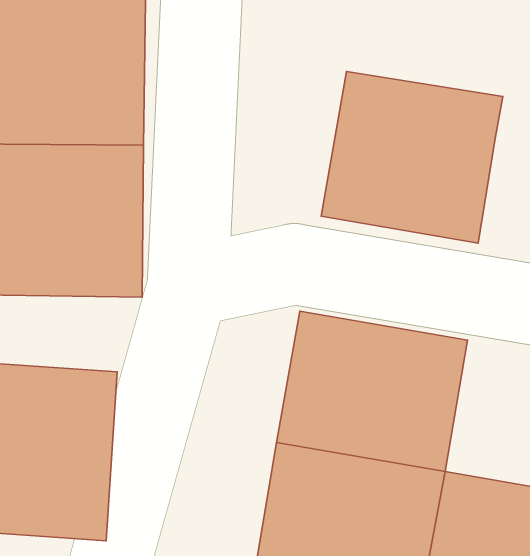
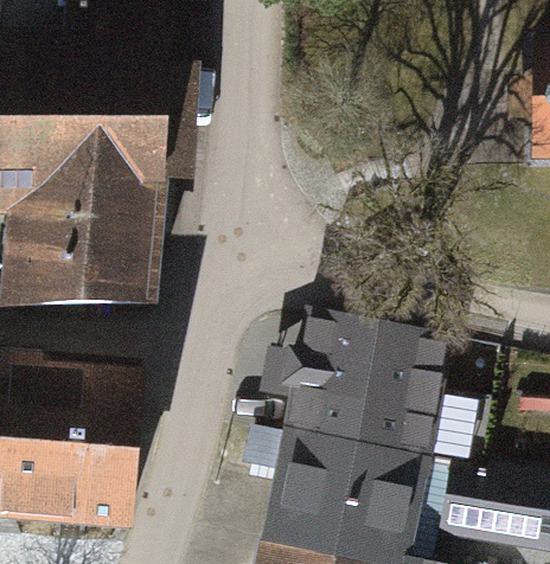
building: [321,71,503,243] -> none

